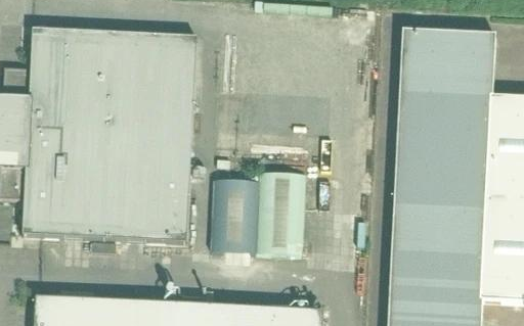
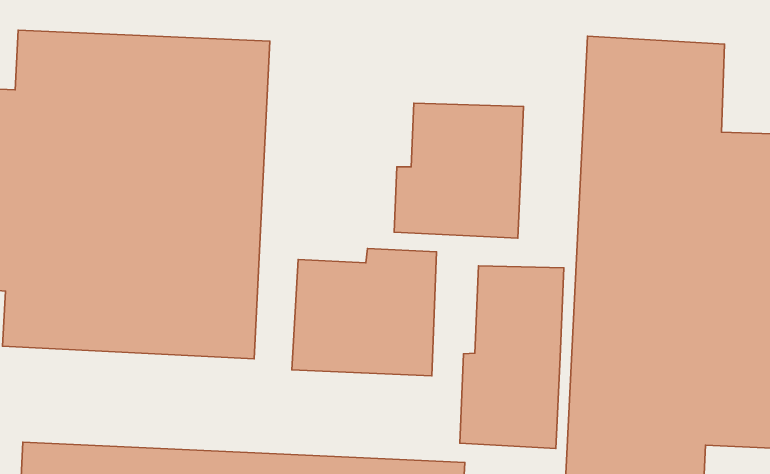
building: none -> [394,103,524,238]
building: none -> [460,266,564,448]

